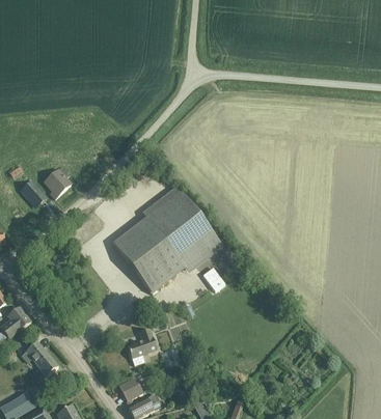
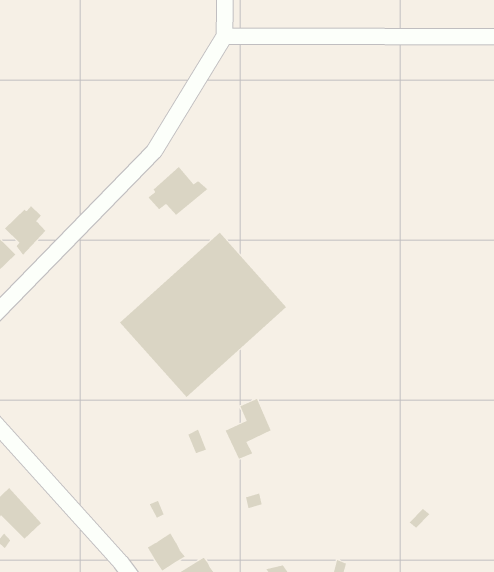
building: none -> [147,166,209,216]
building: [127,327,156,364] -> [225,398,271,460]

